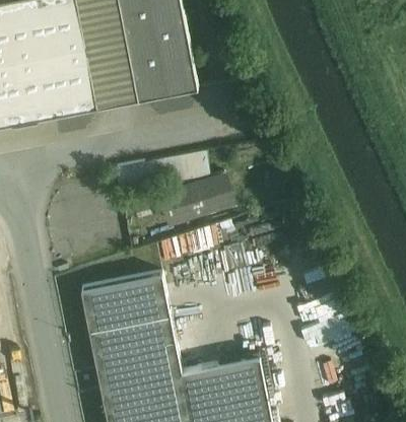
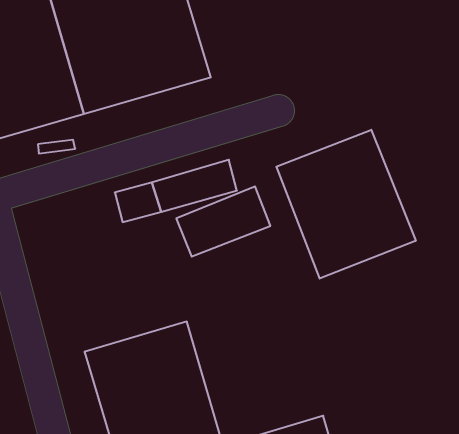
building: none -> [276,130,416,279]

